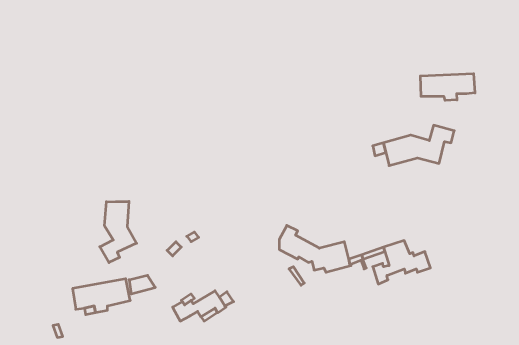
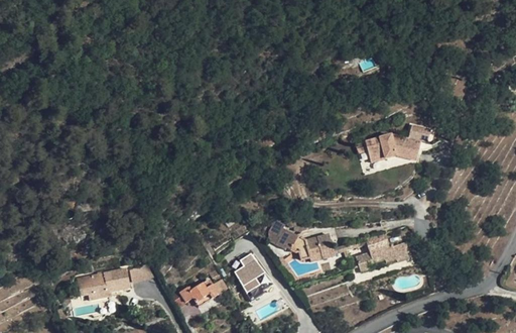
building: [420,74,475,100] -> none
building: [100,201,137,263] -> none
building: none -> [231,251,270,297]

